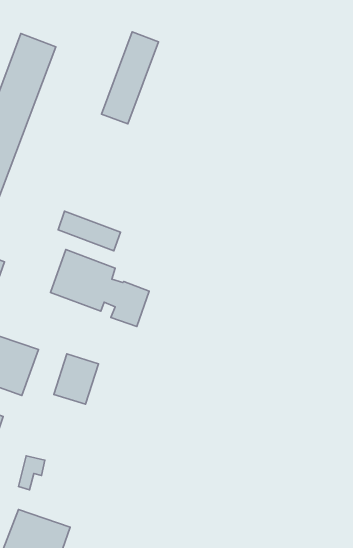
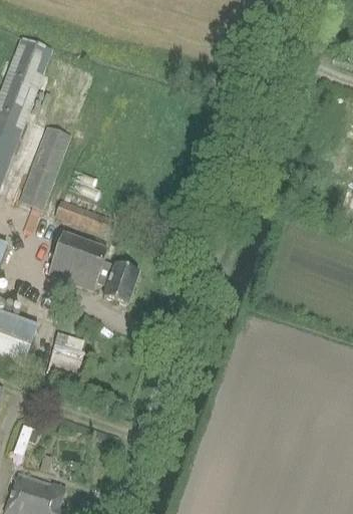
building: [101,32,158,124] -> [18,125,70,210]

